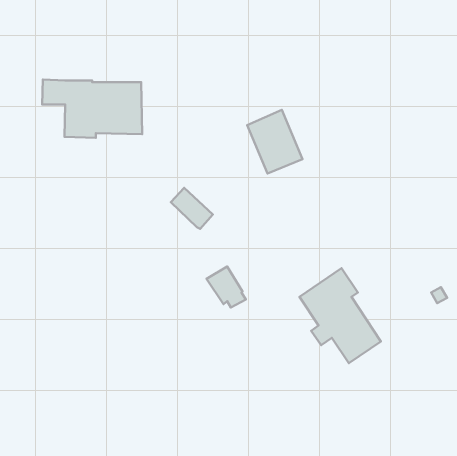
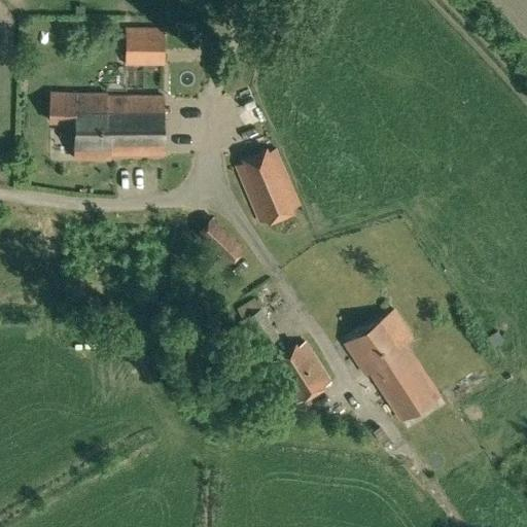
building: none -> [126,28,164,64]
building: [247,110,302,173] -> [236,148,300,221]
building: none -> [272,343,330,403]

